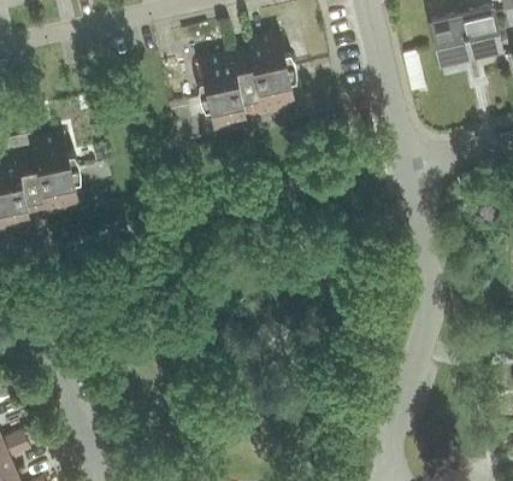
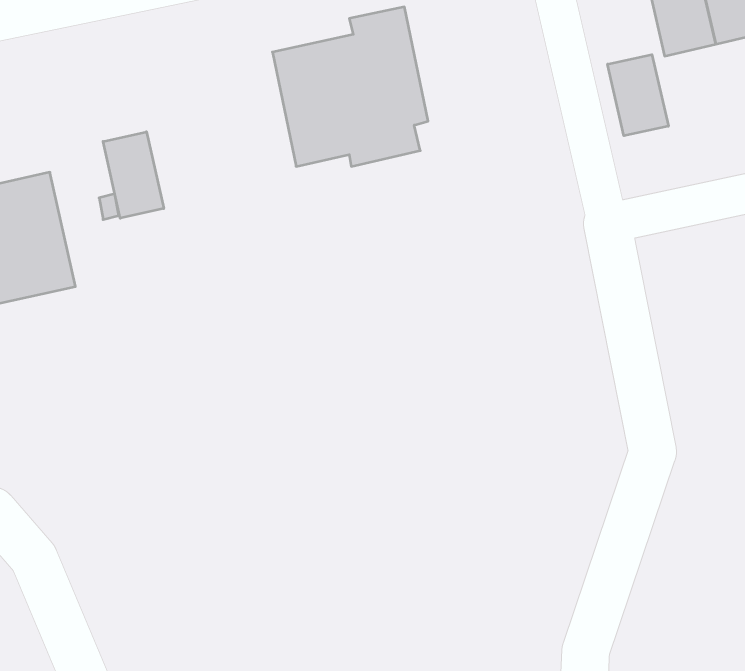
building: none -> [608,55,668,136]
building: none -> [103,132,164,218]

